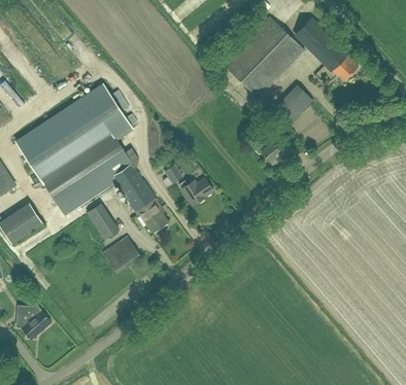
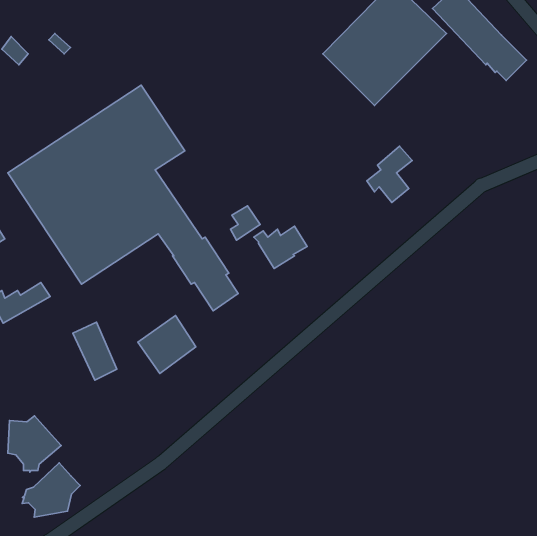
building: [276,85,312,121] -> none
building: [89,197,117,235] -> [73,322,117,380]
building: none -> [22,463,80,517]

